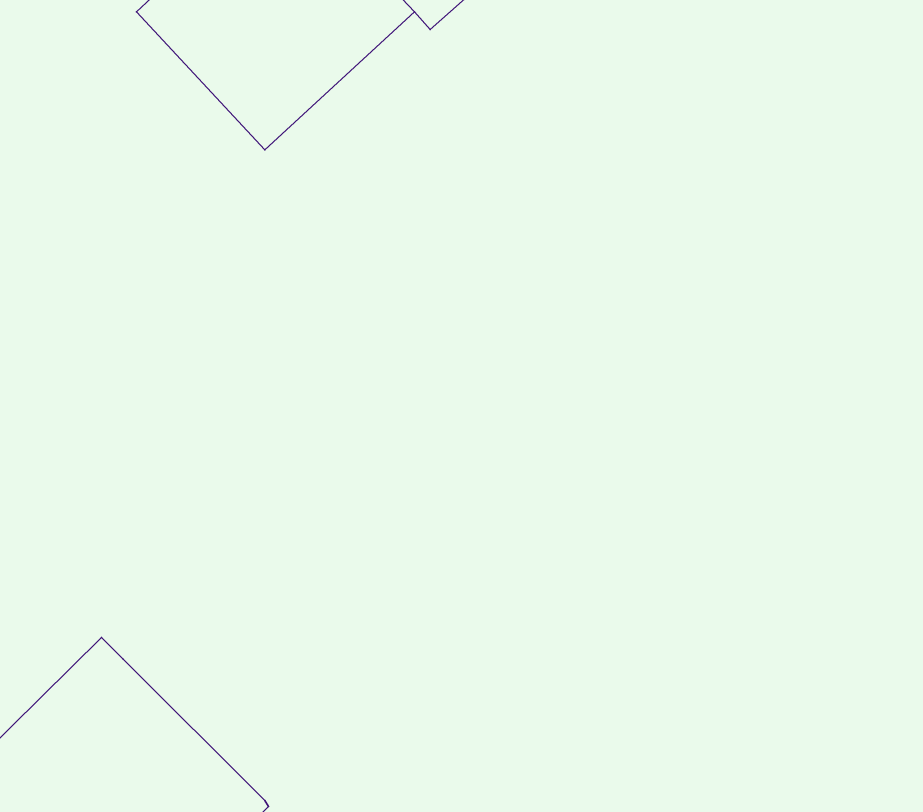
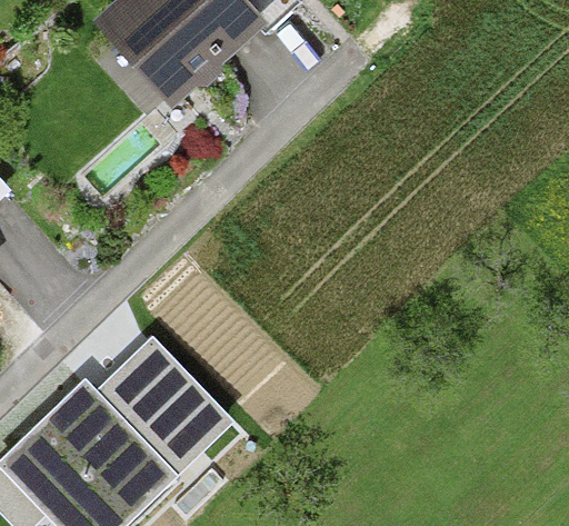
building: none -> [96,338,231,473]

